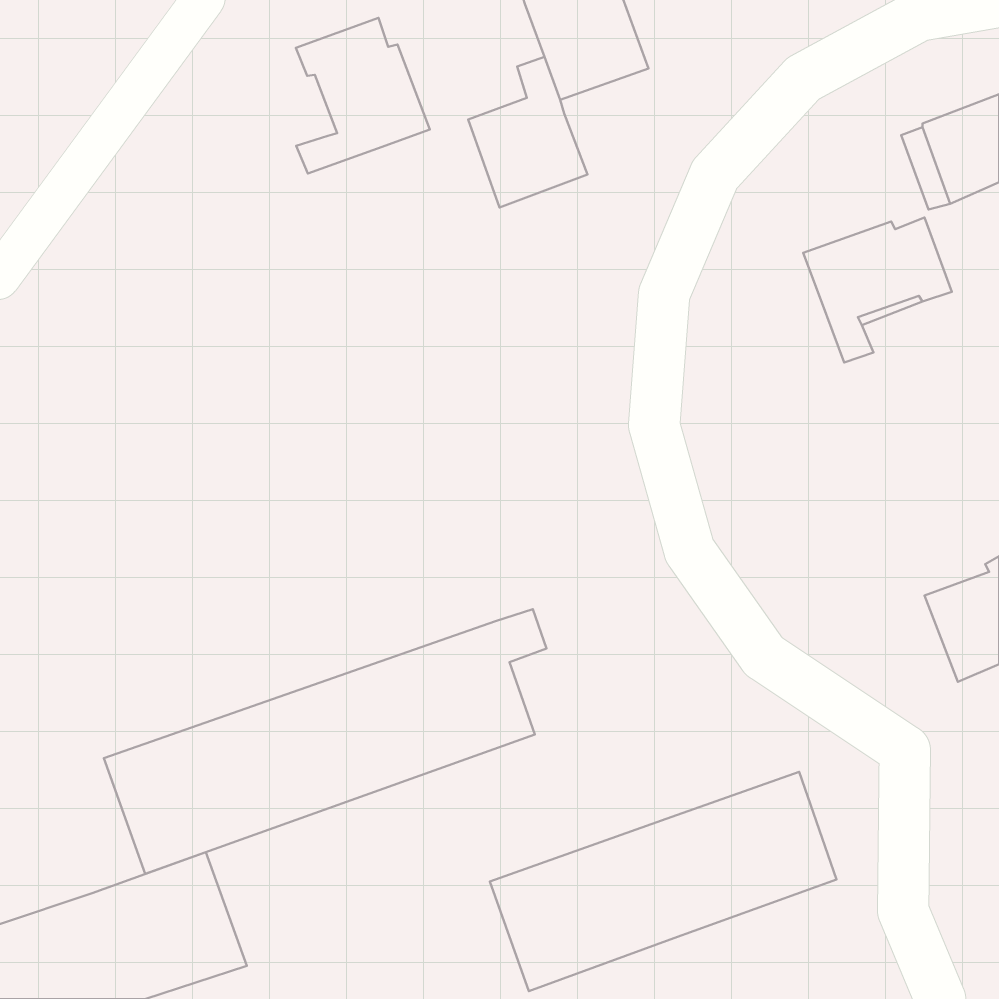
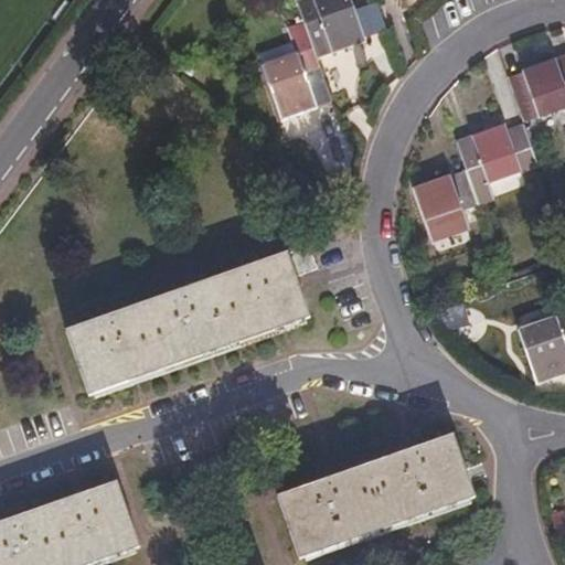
building: [296,18,430,174] -> none
building: none -> [412,169,476,237]
building: [104,609,547,874] -> [65,245,315,394]

